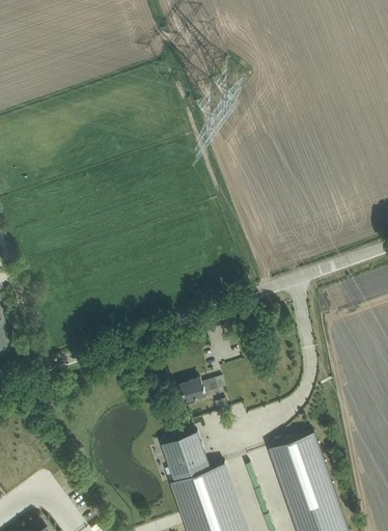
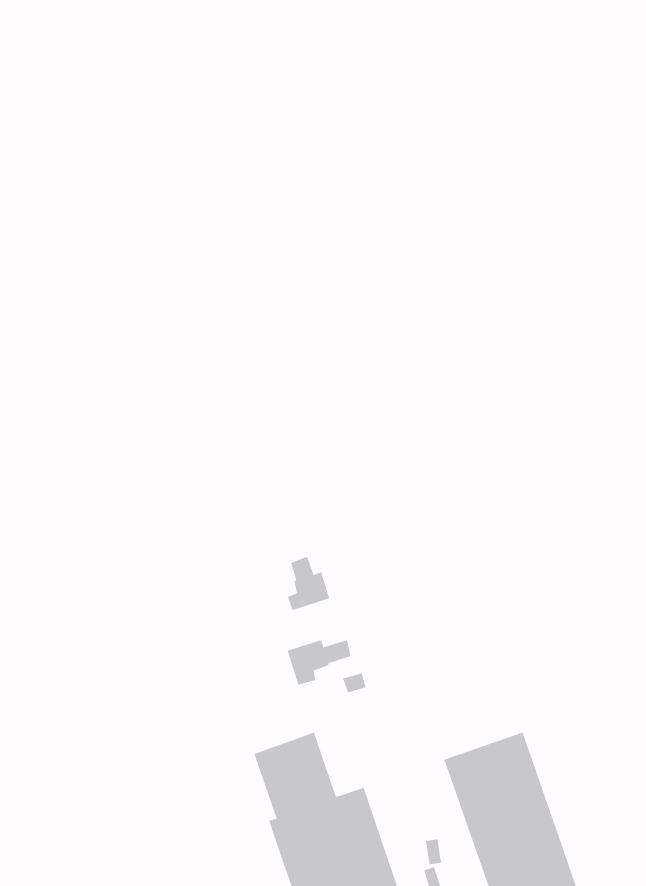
building: none -> [287,556,330,611]

